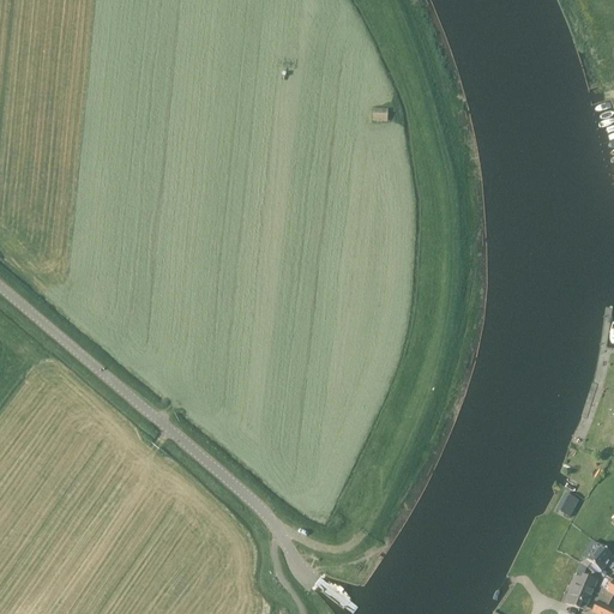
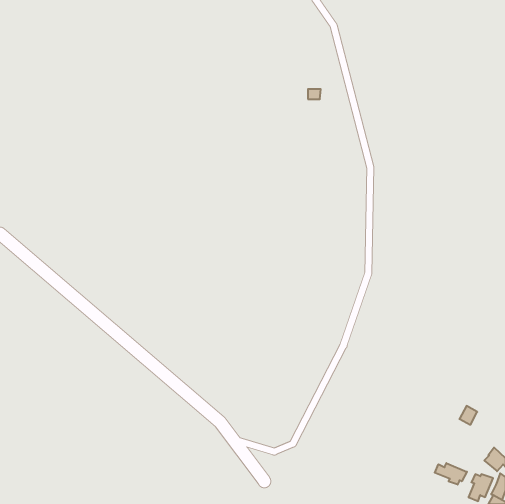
building: none -> [435,463,467,485]

